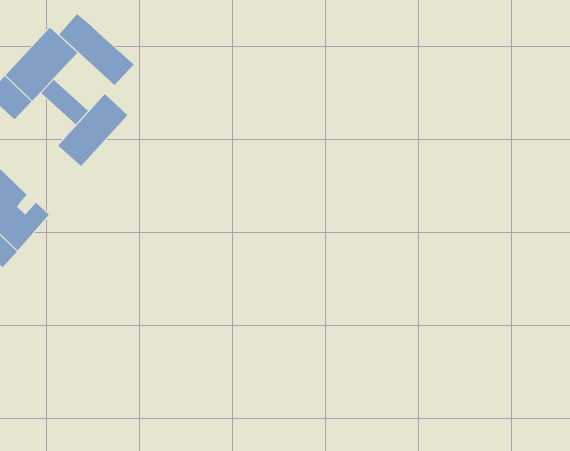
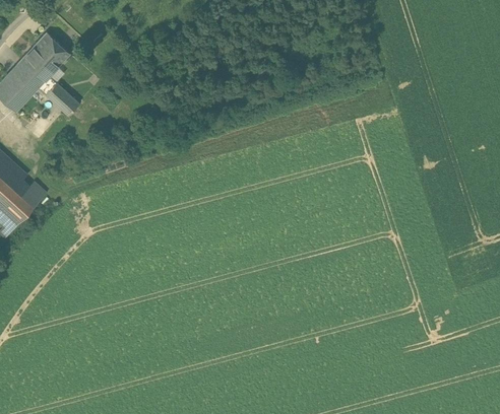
building: [58,13,135,86] -> none
building: [58,93,128,167] -> none

